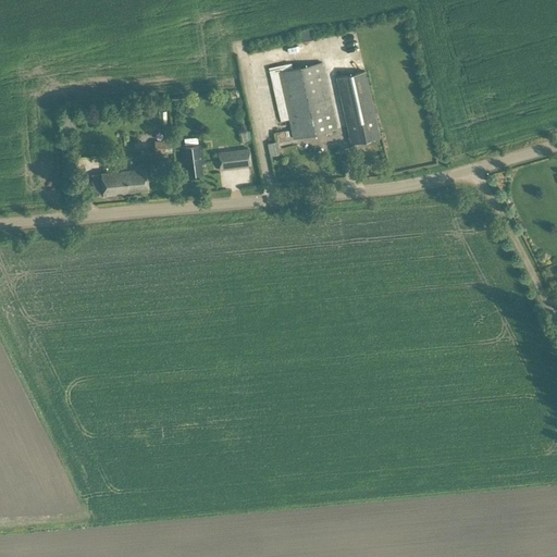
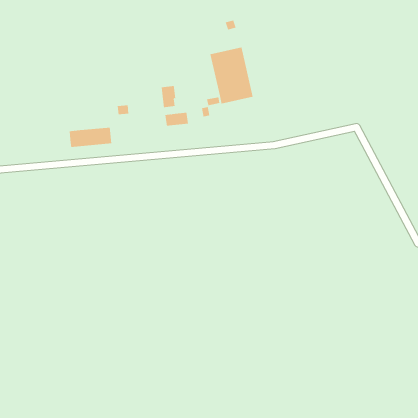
building: [336,72,380,145] -> none
building: [183,146,203,175] -> [161,86,176,108]

